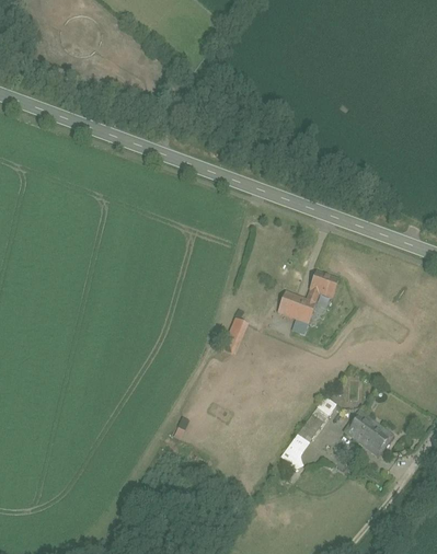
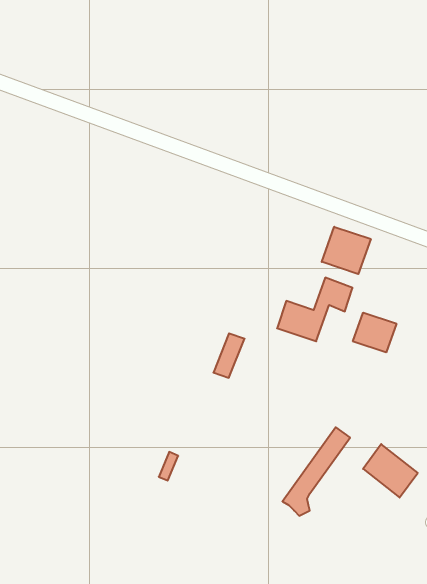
building: none -> [322,227,371,274]
building: none -> [353,313,396,352]

